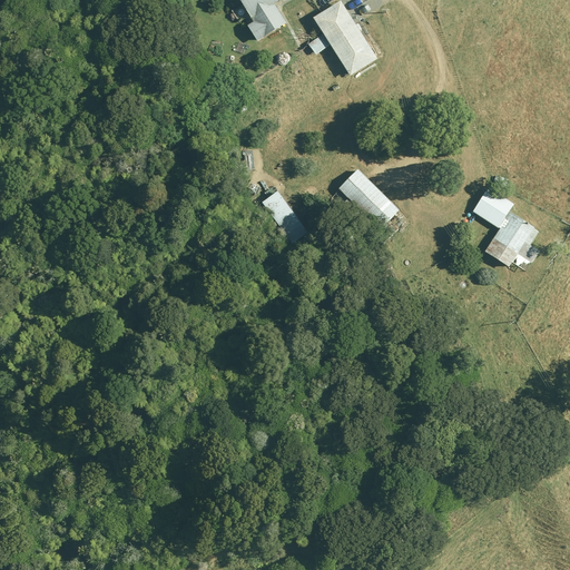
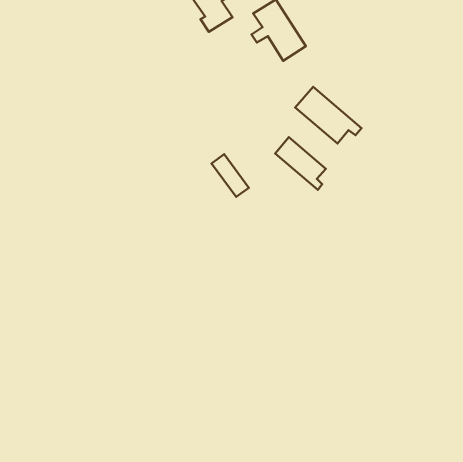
building: none -> [295,87,362,144]
building: [472,187,540,266] -> none

